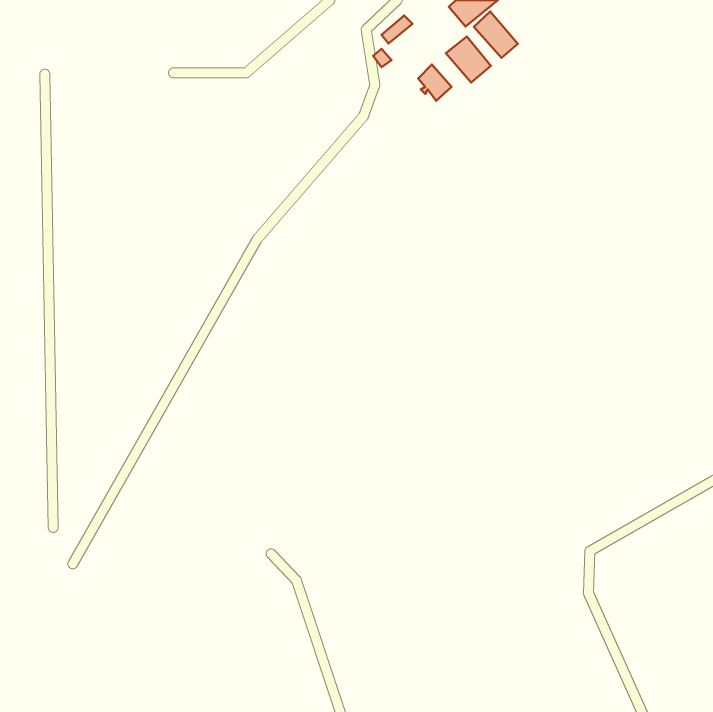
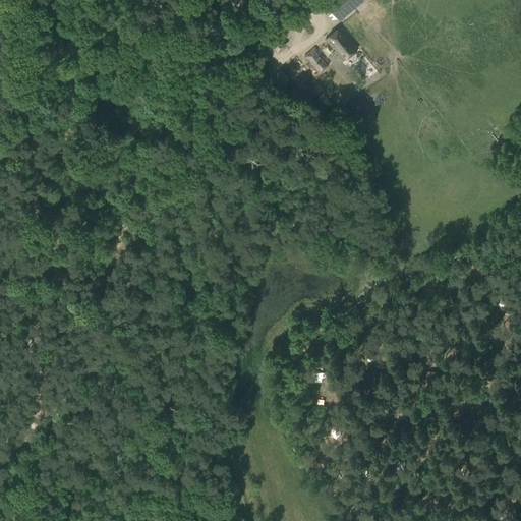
building: [474,12,518,58] -> none

